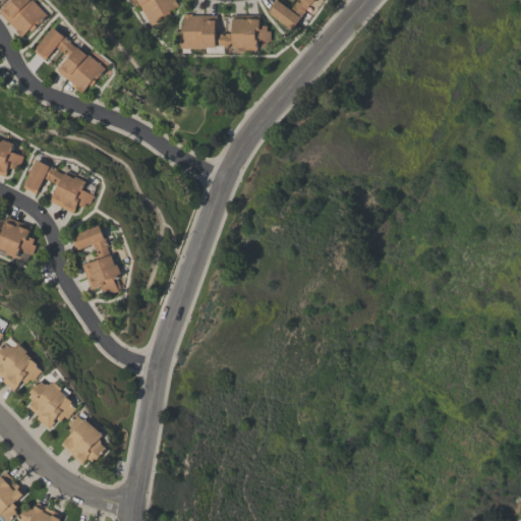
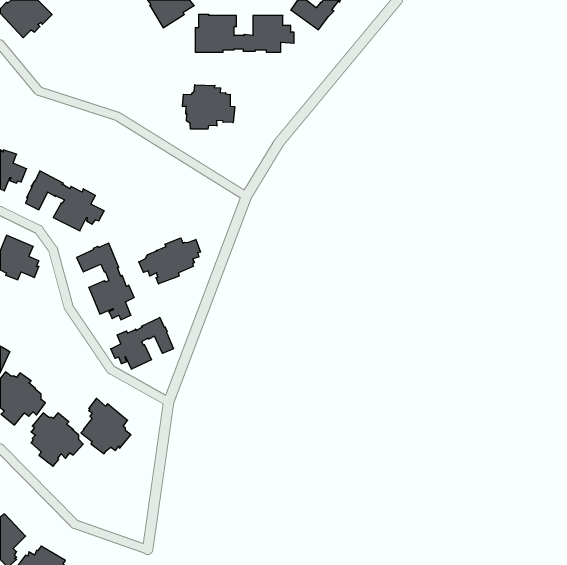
building: [34,26,106,94] -> none
building: none -> [183,85,235,129]
building: none -> [139,238,201,284]
building: none -> [111,317,174,369]
building: [61,414,107,465] -> [81,398,131,454]

